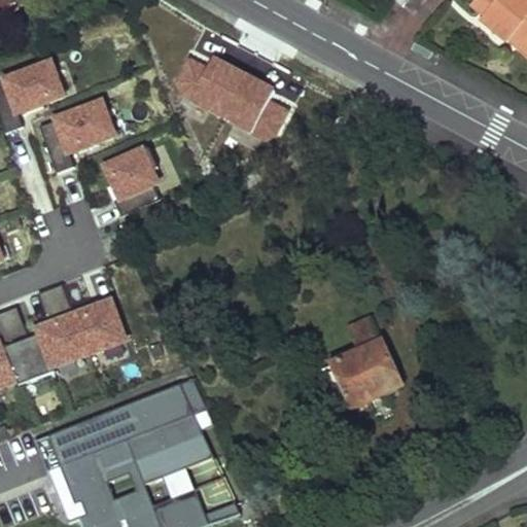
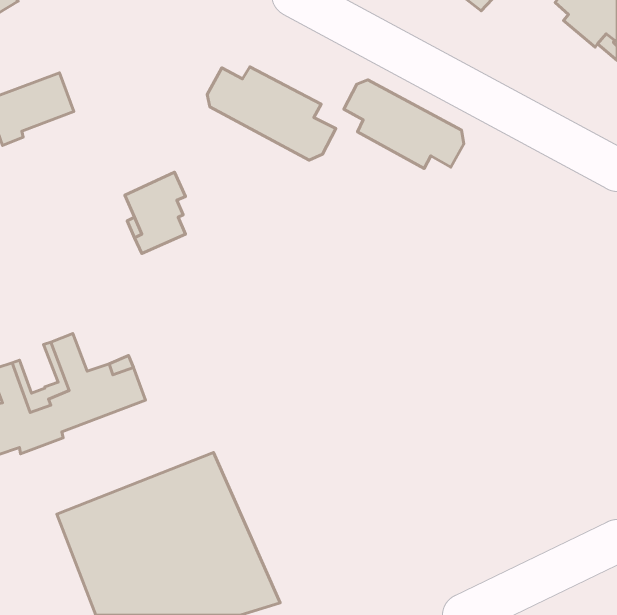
building: none -> [344,80,464,168]
building: [39,102,113,172] -> none
building: [331,310,401,407] -> none

